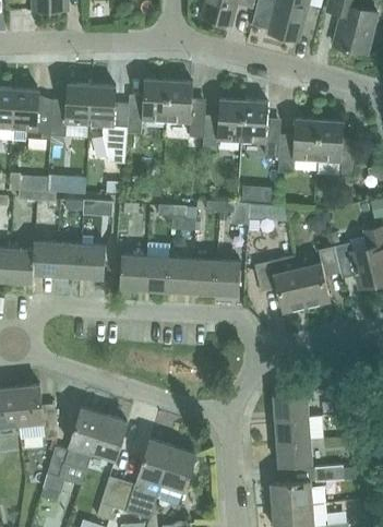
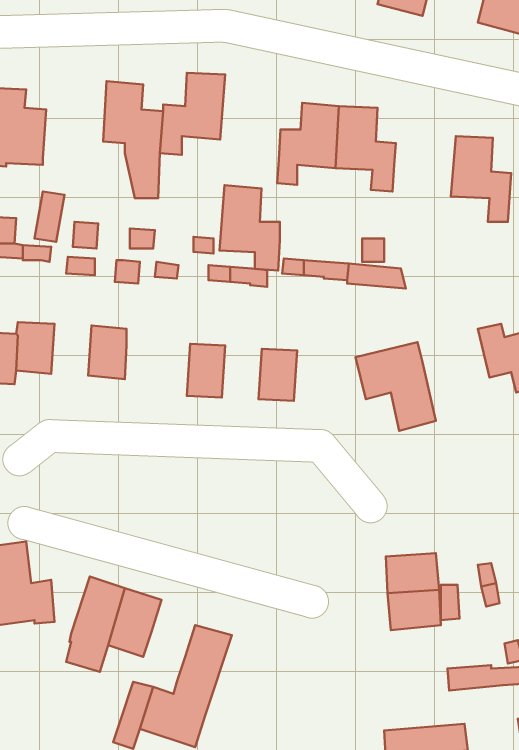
building: [166,81,205,136] -> [220,185,280,271]
building: [50,84,92,136] -> none
building: [278,119,320,173] -> none
building: [56,243,82,277] -> none
building: [298,247,340,307] -> none
building: [120,255,146,290] -> none
building: [167,257,193,292] -> none
building: [214,261,240,296] -> none
building: [277,440,312,467] -> none
building: [156,446,196,505] -> none
building: [43,447,69,494] -> none
building: [272,481,325,508] -> none

